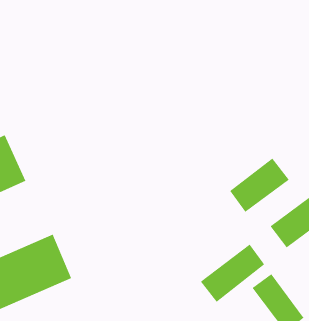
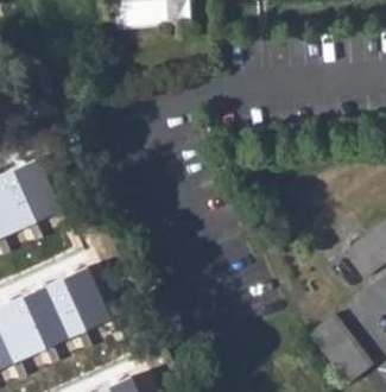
building: [229,157,290,213] -> none
building: [200,243,265,303] -> none

